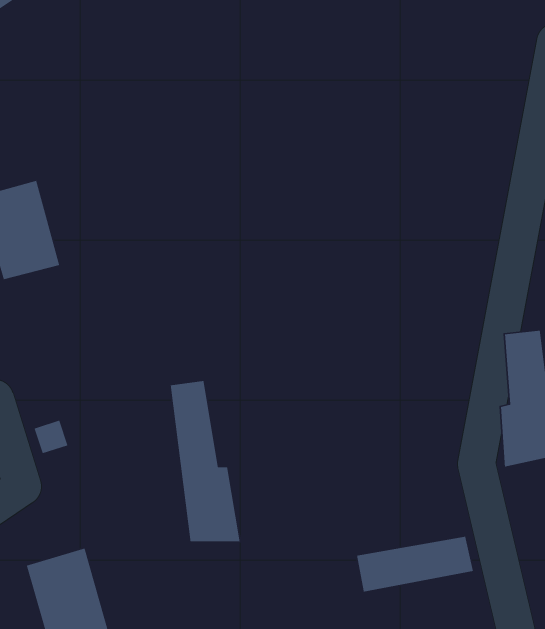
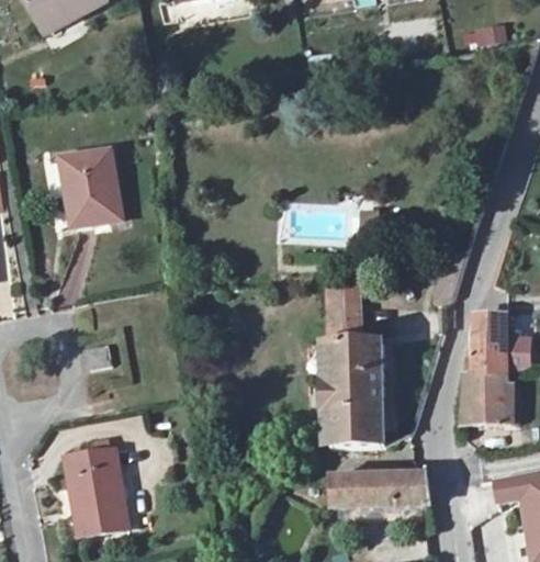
building: none -> [328,281,381,443]
building: [170,380,240,542] -> none

